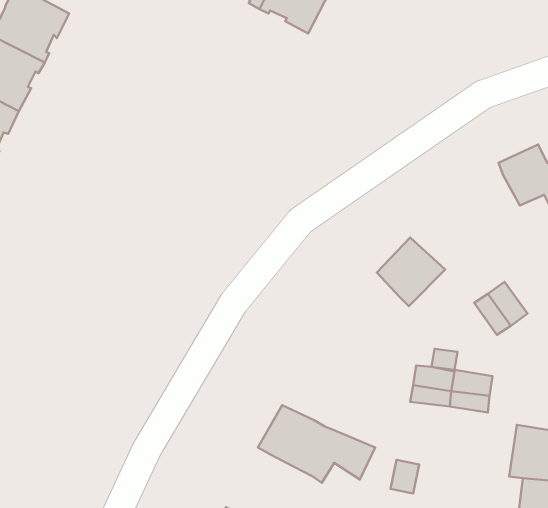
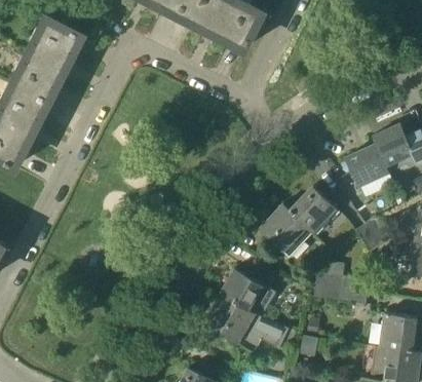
building: none -> [345,144,390,186]
building: none -> [260,203,312,256]
building: none -> [220,268,274,315]

